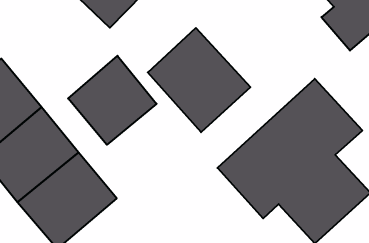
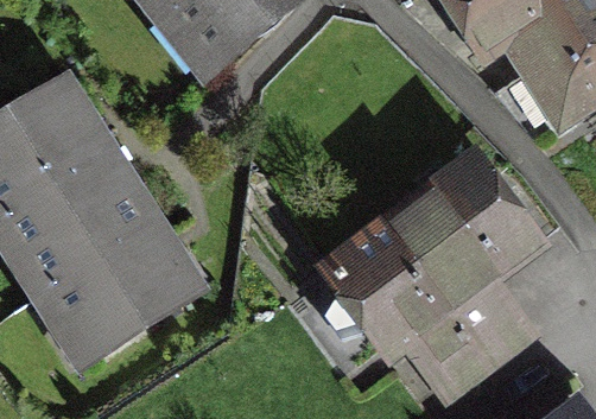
building: [148,28,250,132] -> none
building: [68,56,157,145] -> none

